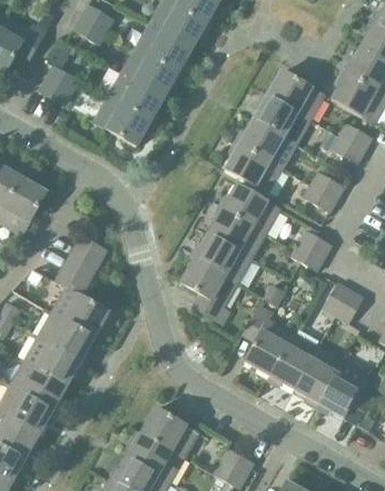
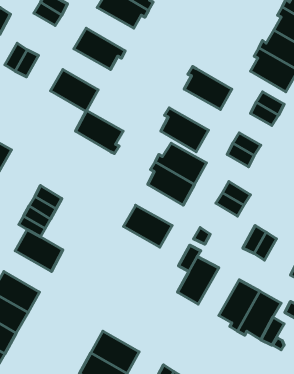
building: [136,23,193,74] -> none
building: [267,70,324,120] -> none
building: [108,72,165,123] -> [75,111,123,154]
building: [235,120,296,169] -> none
building: [190,233,251,282] -> none
building: [38,312,95,361] -> none
building: [267,332,318,389] -> none

